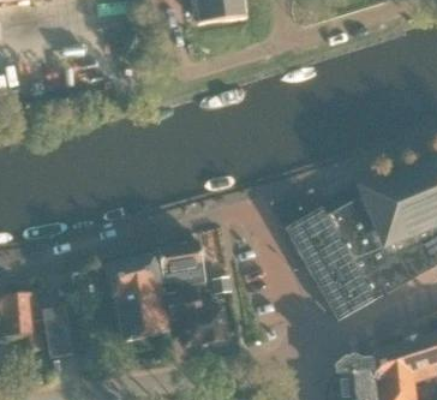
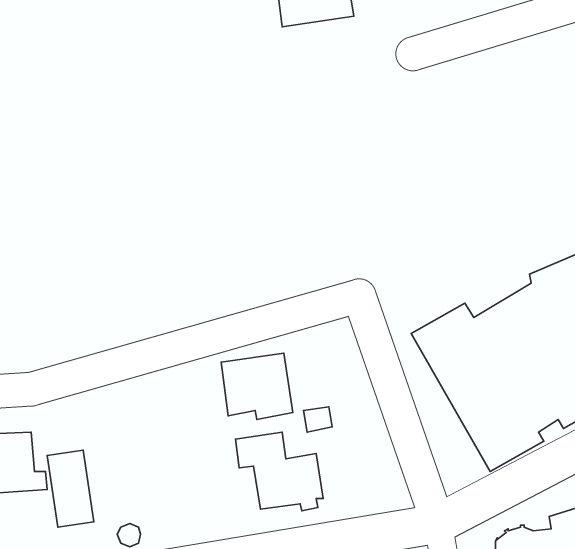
building: [103,252,167,340] -> none

